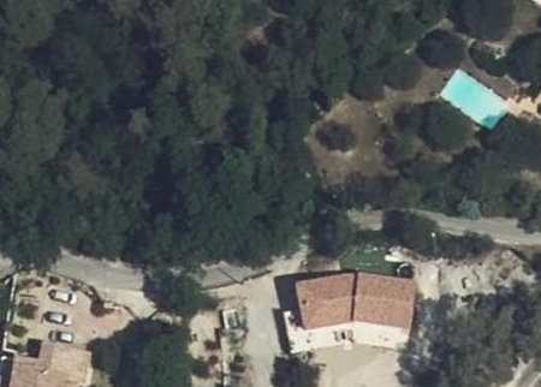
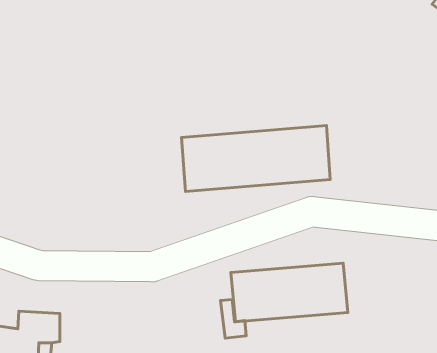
building: none -> [182,125,330,191]

